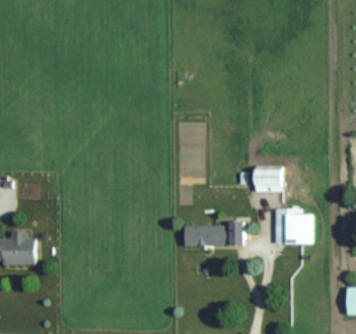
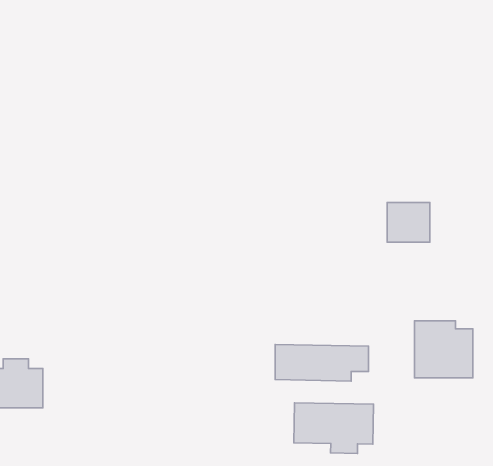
building: [255,166,282,192] -> [387,203,430,242]
building: none -> [294,403,373,453]

